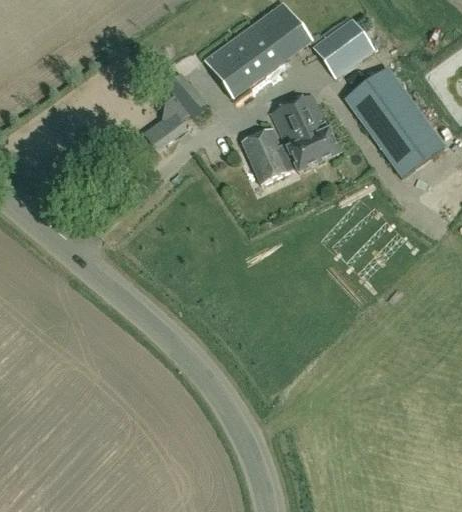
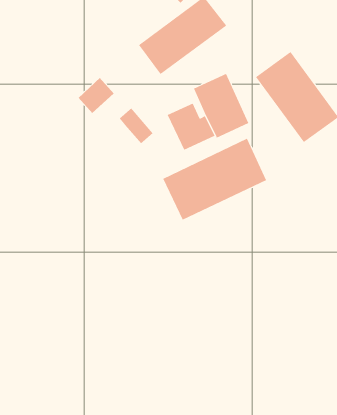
building: [314,19,374,76] -> none
building: [165,71,206,114] -> [119,108,153,144]
building: none -> [163,138,267,221]

